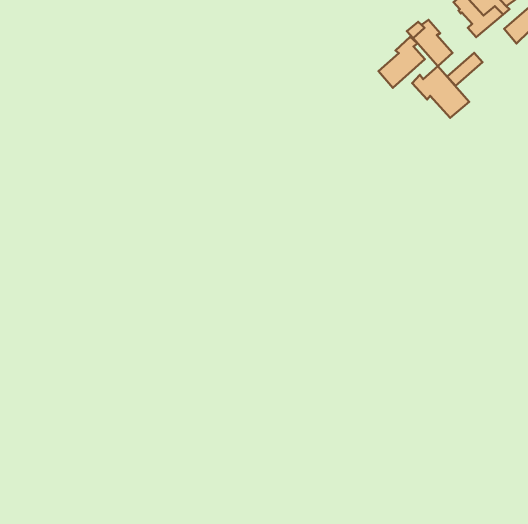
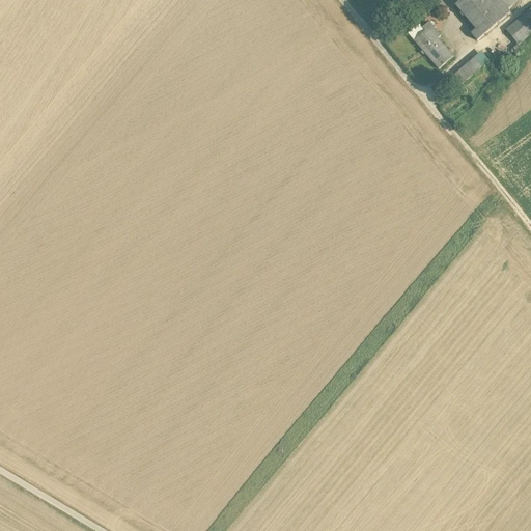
building: [379,37,425,88] -> none
building: [412,66,469,118] -> none

